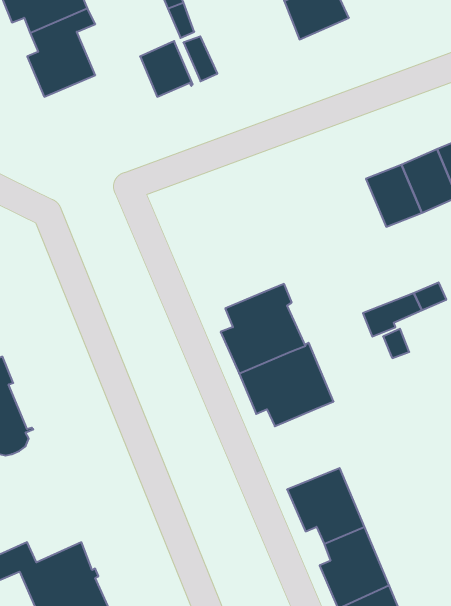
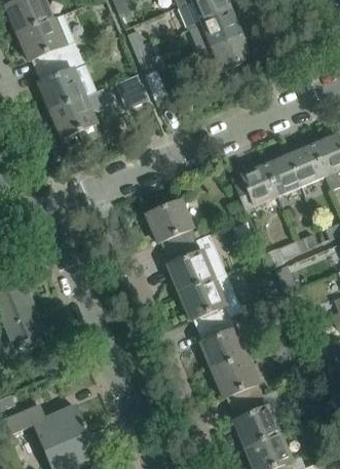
building: none -> [50,85,109,138]
building: none -> [234,163,277,209]
building: none -> [146,199,197,249]
building: none -> [200,316,247,369]

